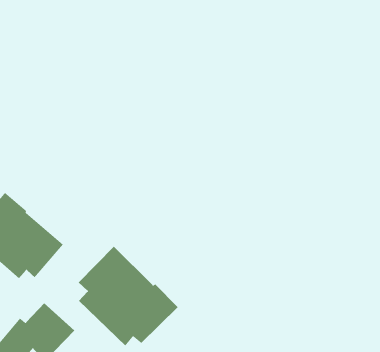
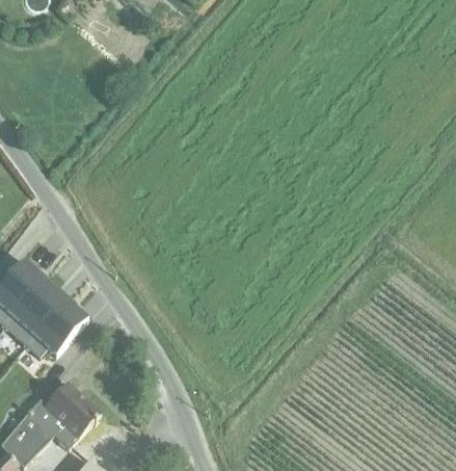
building: [78,246,178,347] -> none

